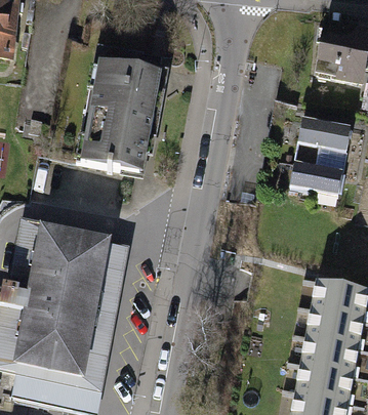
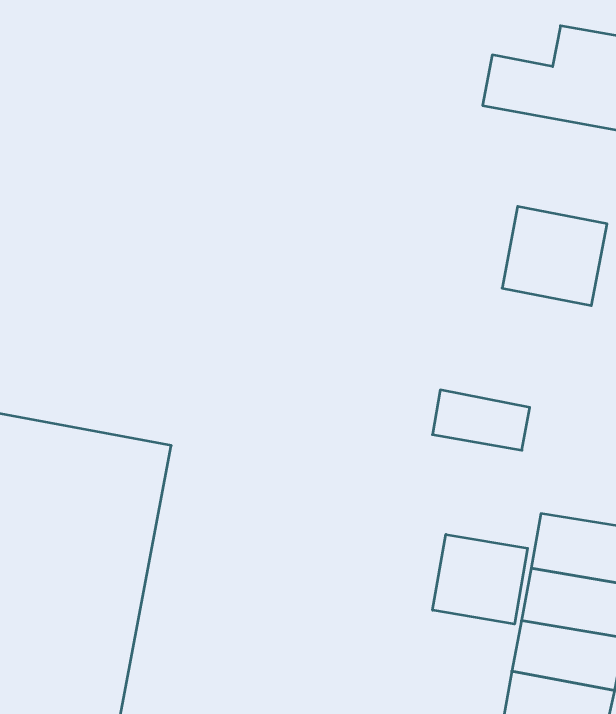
building: [79,41,160,170] -> none
building: [293,160,344,192] -> [432,390,530,450]
building: none -> [433,534,528,624]

